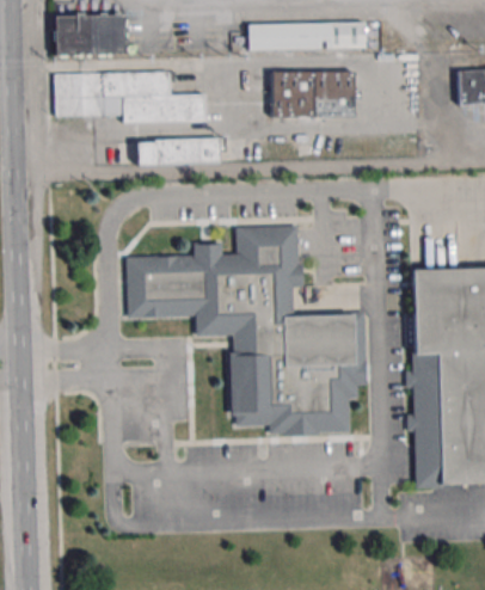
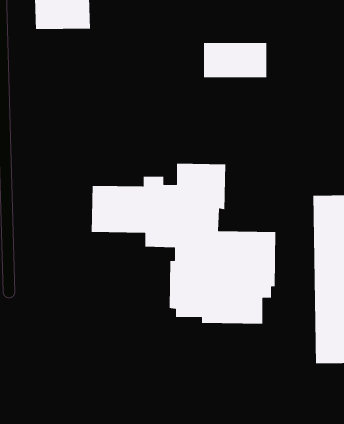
building: [248,21,366,49] -> none
building: [55,70,205,123] -> none
building: [135,139,220,165] -> none

